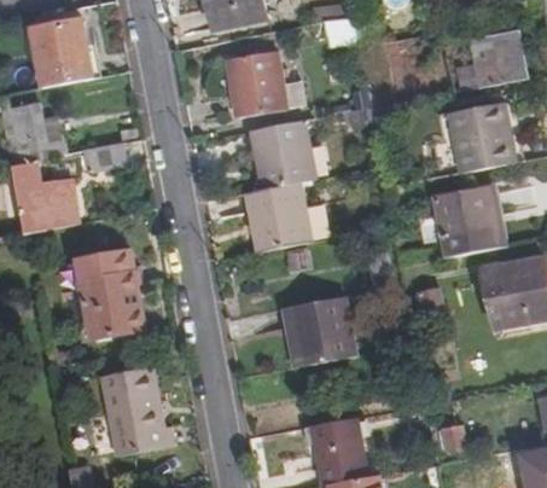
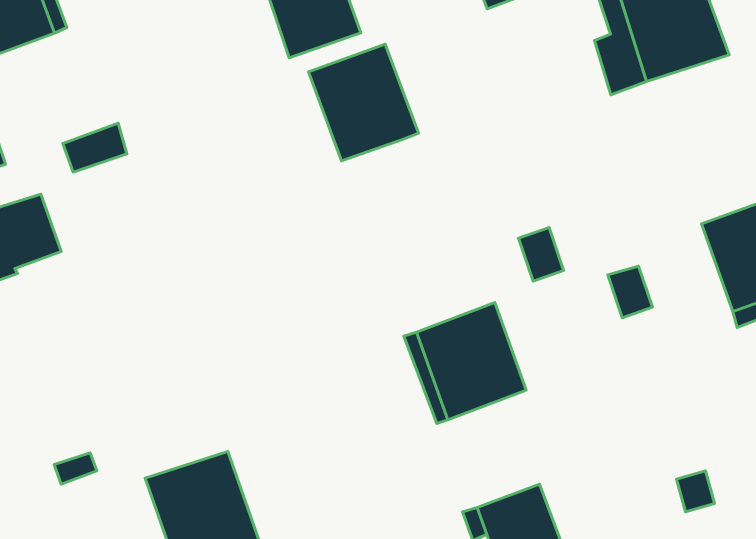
building: [243,181,313,252] -> none
building: [440,184,505,255] -> none
building: [74,250,141,338] -> none

